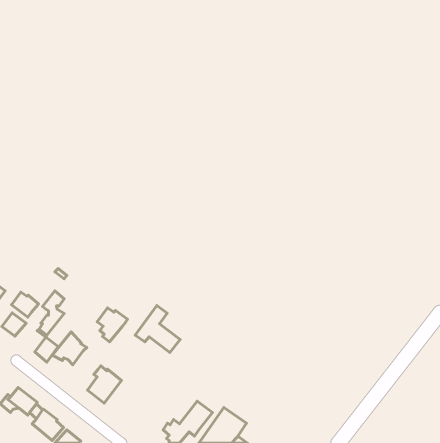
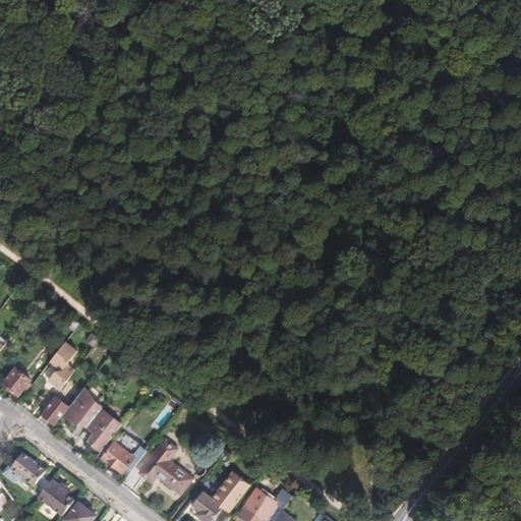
building: [12,292,38,317] -> none
building: [135,306,180,352] -> [139,439,192,494]
building: [97,308,128,342] -> [85,411,121,451]

